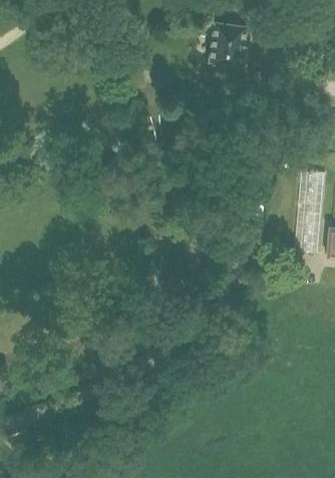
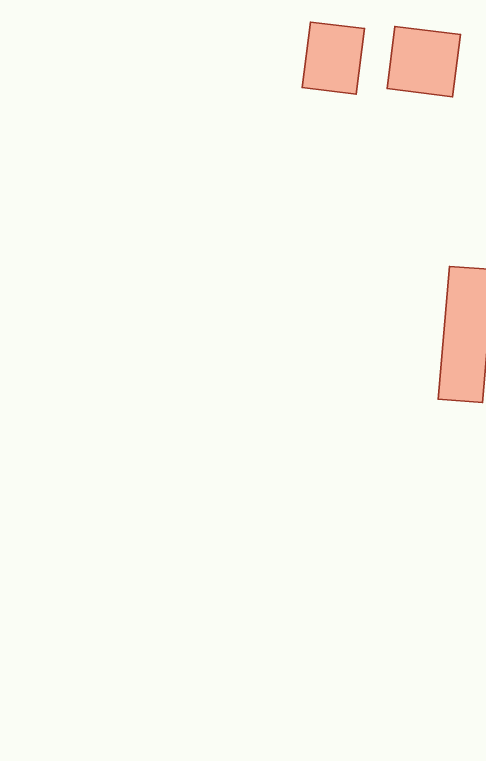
building: none -> [387,26,460,97]

